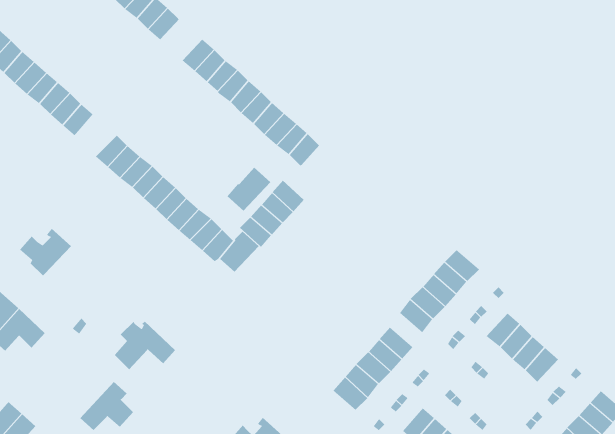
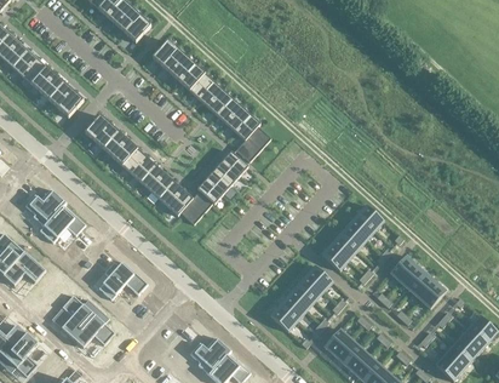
building: [226,167,271,212] -> [235,126,270,161]
building: none -> [39,202,85,242]
building: none -> [61,295,98,337]

